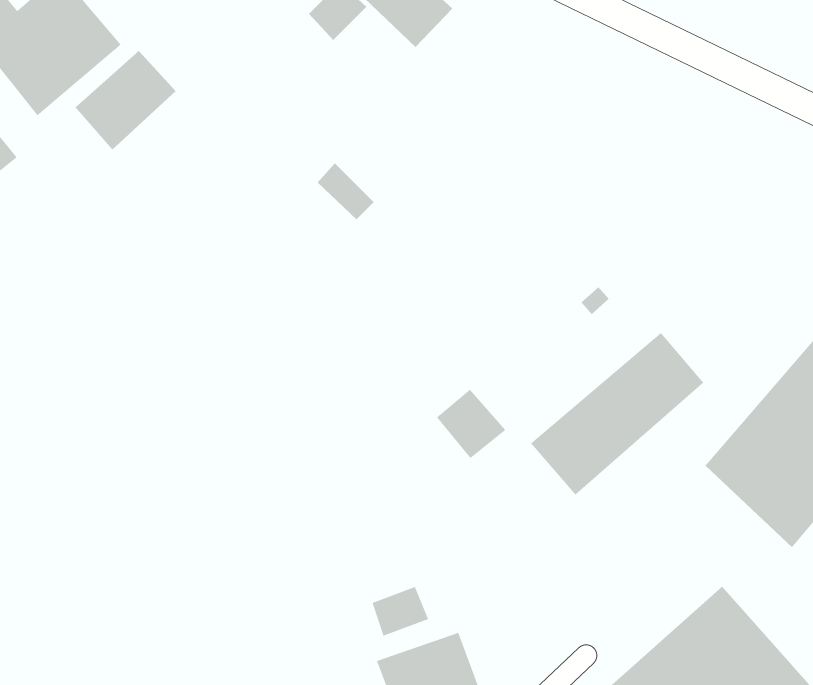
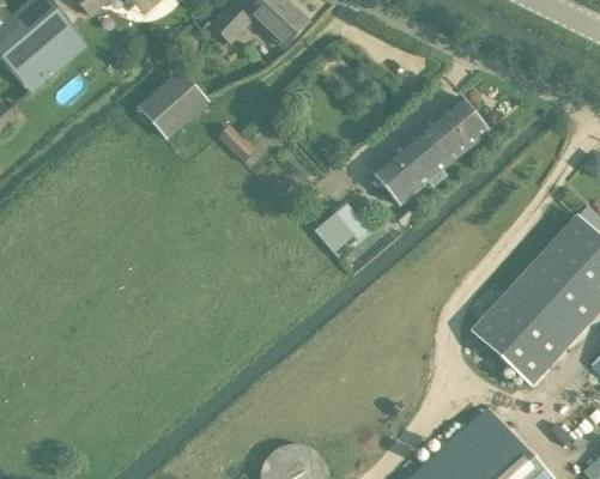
building: [74,50,177,150] -> [138,71,206,138]
building: [530,332,704,495] -> [370,97,486,206]
building: [436,389,506,459] -> [315,211,362,257]
building: [372,586,429,637] -> none

